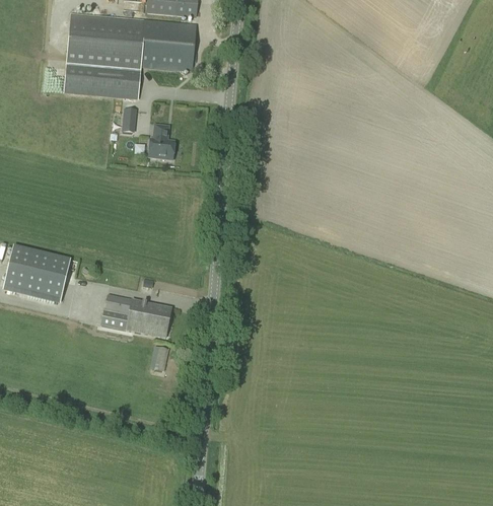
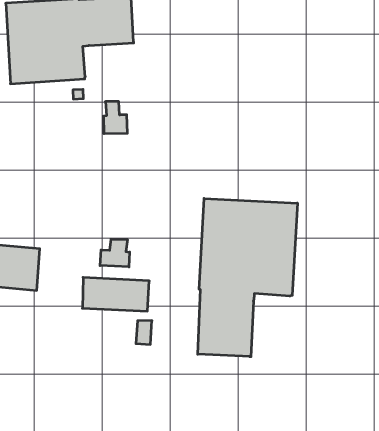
building: none -> [198,198,297,357]
building: none -> [100,239,130,267]

